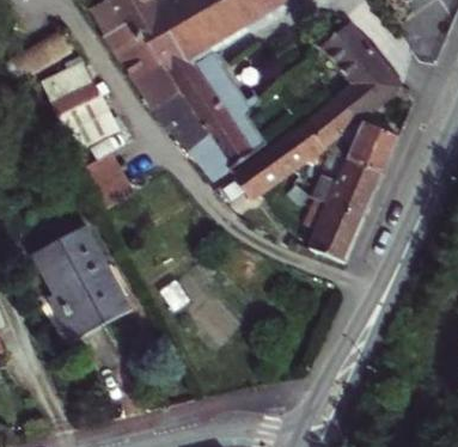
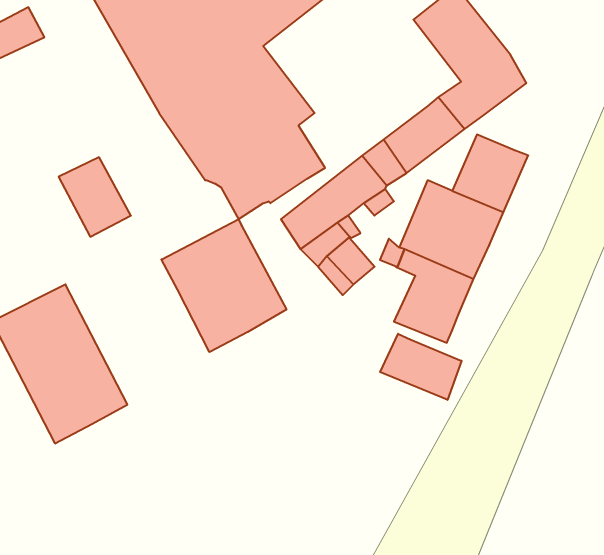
building: [53,73,120,143] -> none
building: none -> [161,219,286,352]
building: none -> [380,334,462,400]

